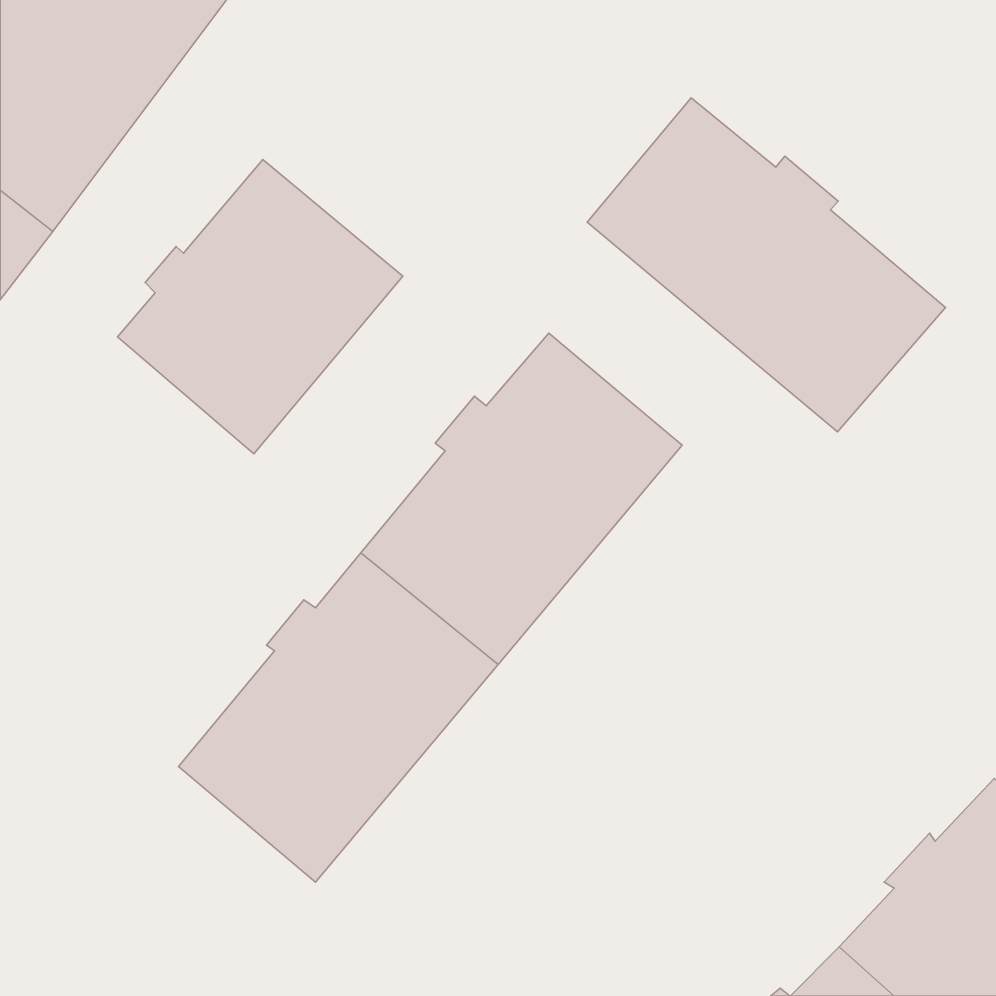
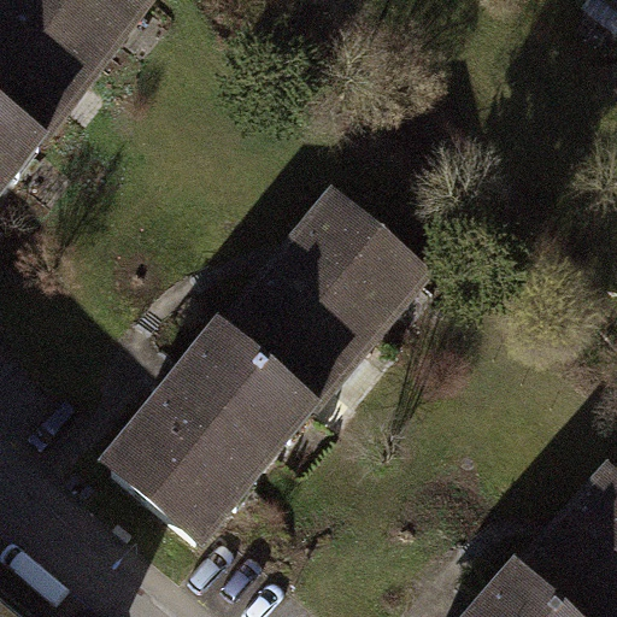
building: [587,98,945,432] -> none
building: [117,159,403,454] -> none

